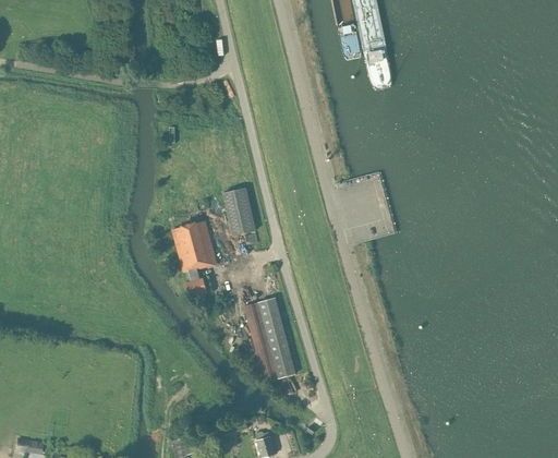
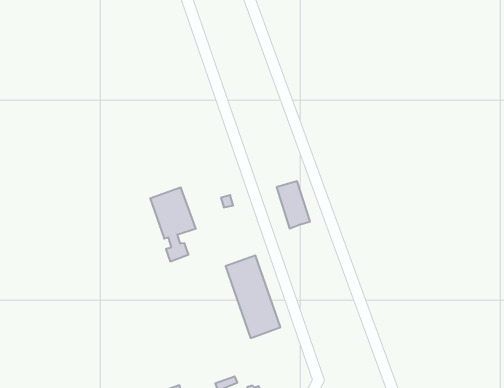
building: [223,188,255,236] -> [277,181,310,228]

